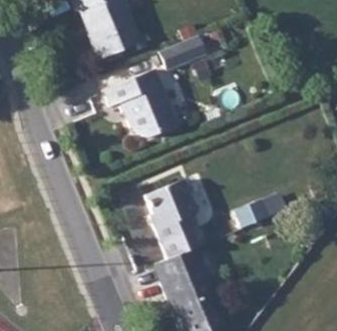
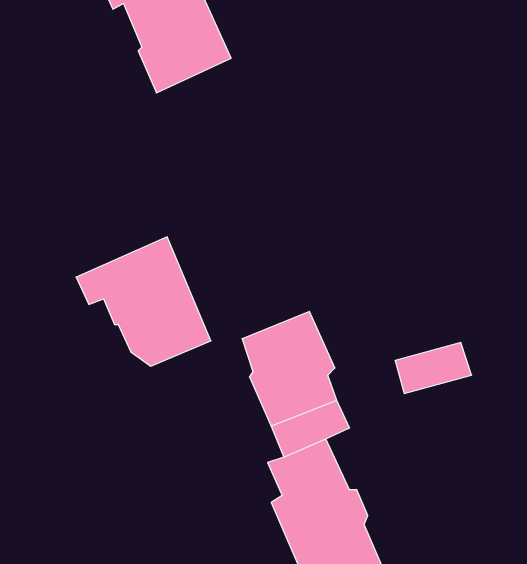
building: [158,35,207,70] -> none
building: [106,69,181,140] -> [76,237,211,366]

